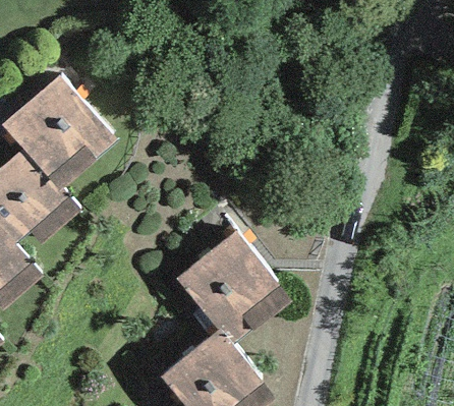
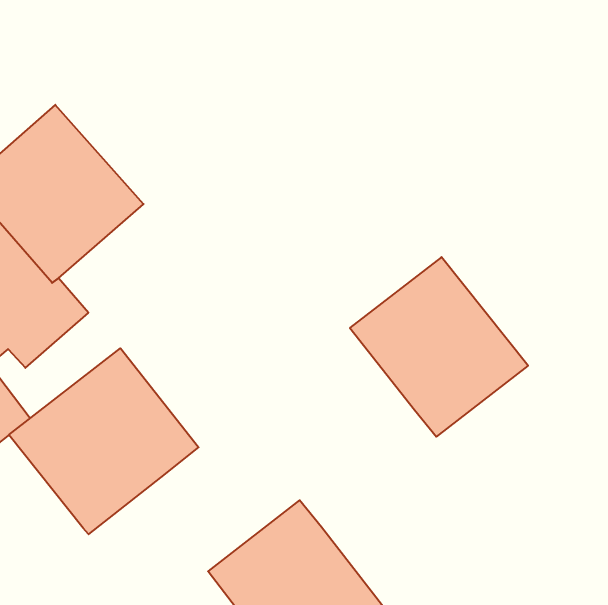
building: [175,231,290,347] -> [350,257,528,437]
building: none -> [9,348,199,534]

